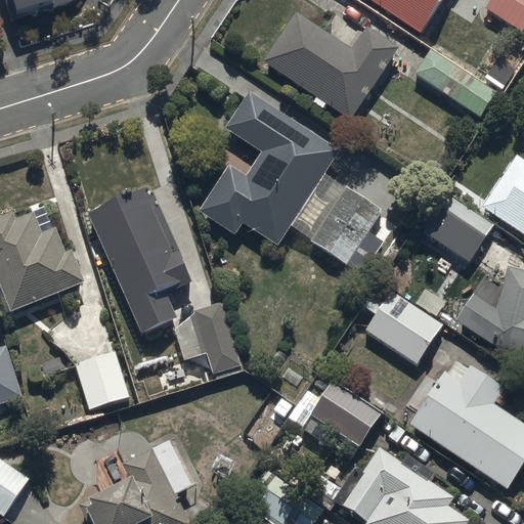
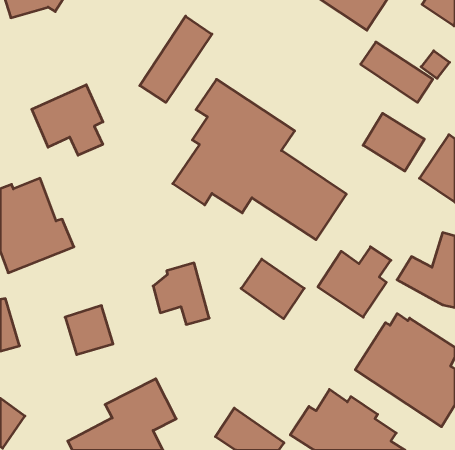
building: [263,10,401,121] -> none
building: none -> [140,16,212,102]
building: none -> [32,85,103,155]
building: [86,188,195,335] -> none
building: [423,193,493,260] -> [363,113,424,171]
building: [311,380,384,448] -> [241,259,304,319]

